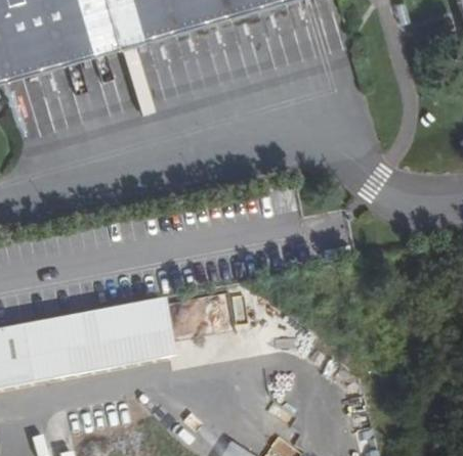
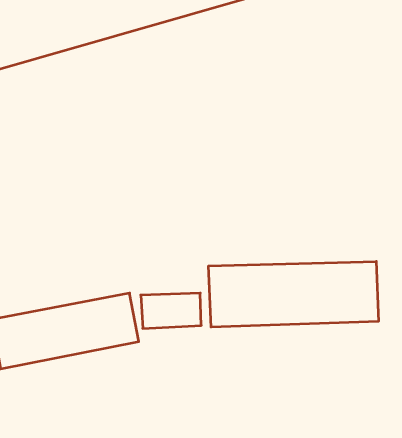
building: none -> [209,261,378,327]

